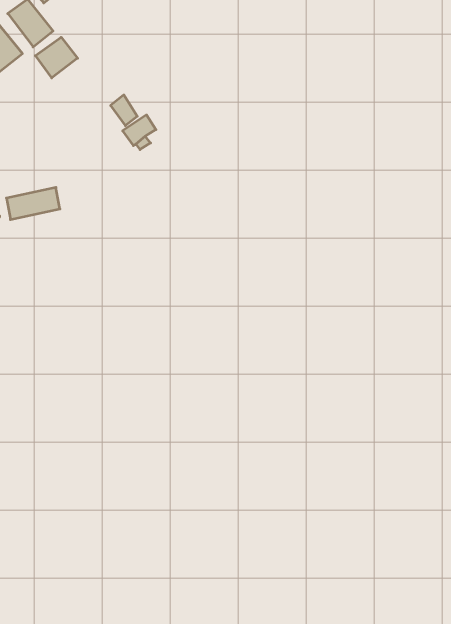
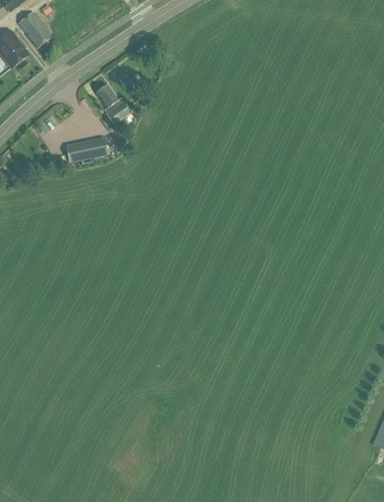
building: [35,37,78,78] -> none
building: [6,187,60,220] -> [66,136,107,161]

